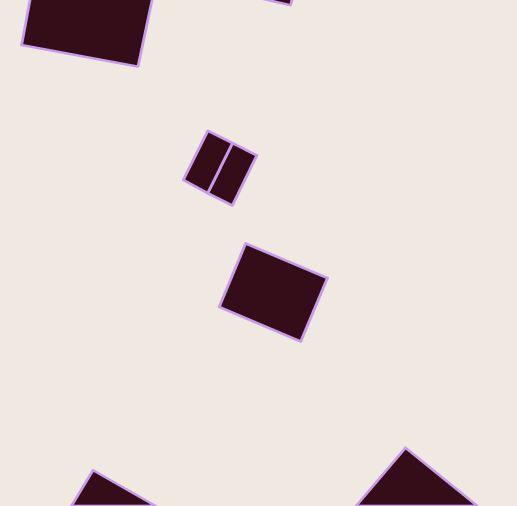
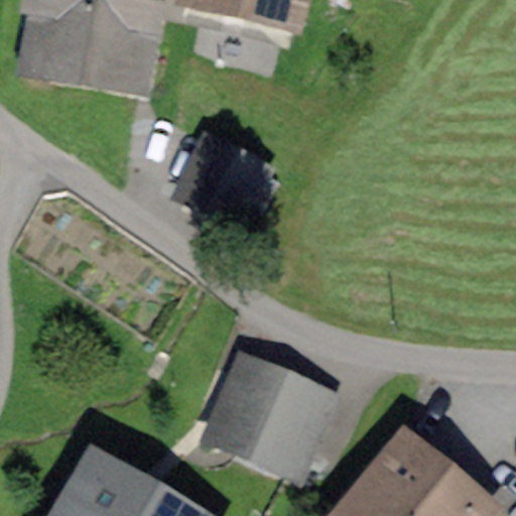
building: [219,243,328,341] -> [211,358,317,455]

